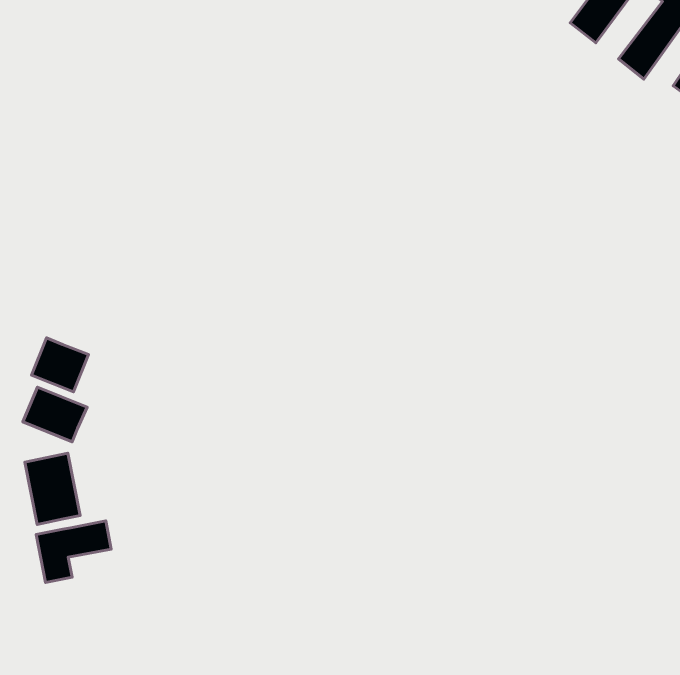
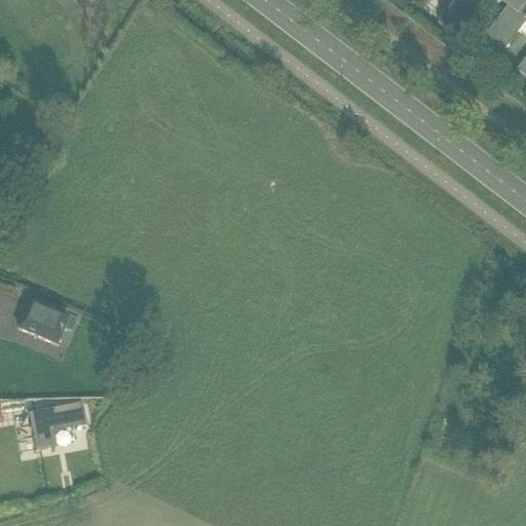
building: [32,338,89,392] -> none
building: [25,453,80,525] -> none

